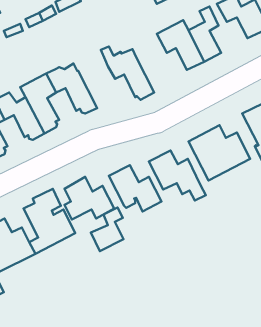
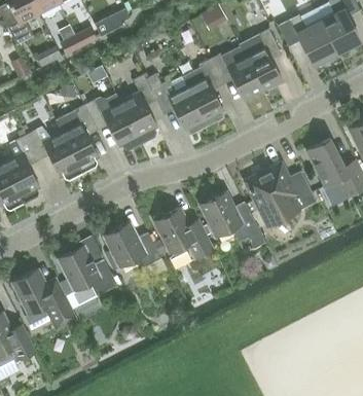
building: none -> [182,59,224,125]
building: none -> [120,74,157,143]
building: [91,207,124,251] -> none

